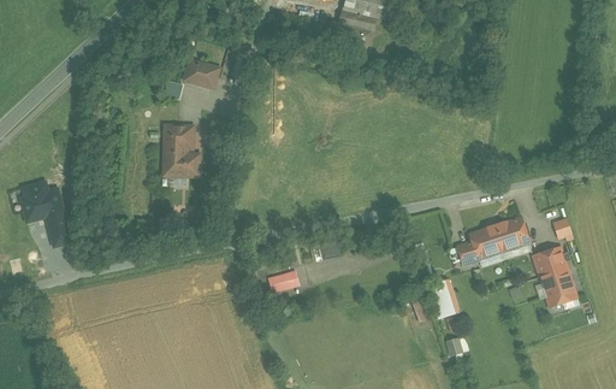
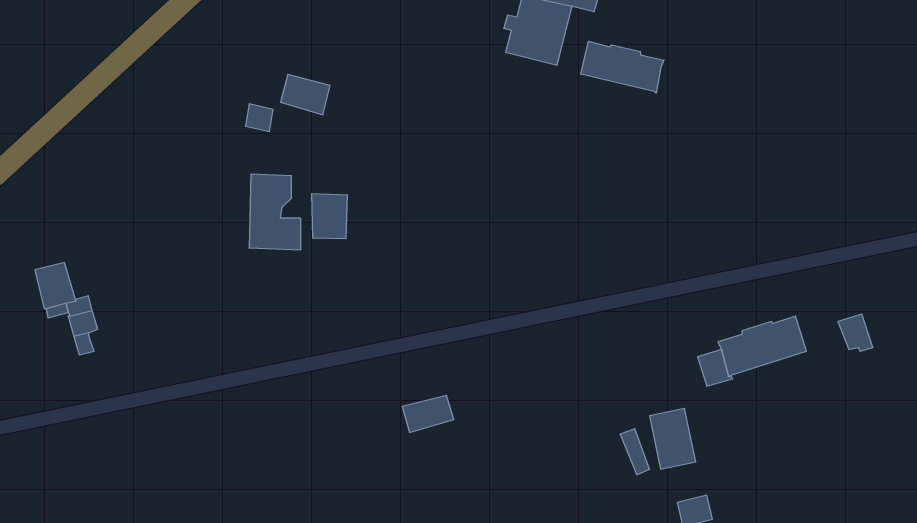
building: none -> [581,41,664,93]
building: none -> [312,194,347,239]
building: [533,246,578,305] -> none

